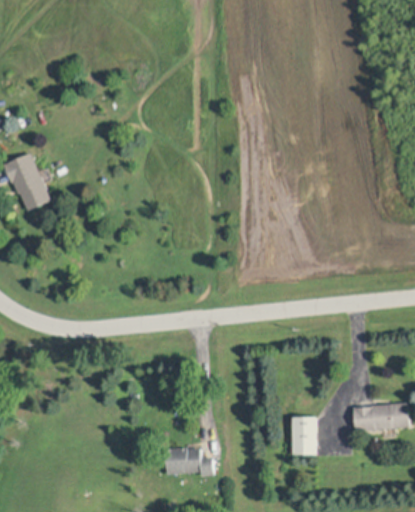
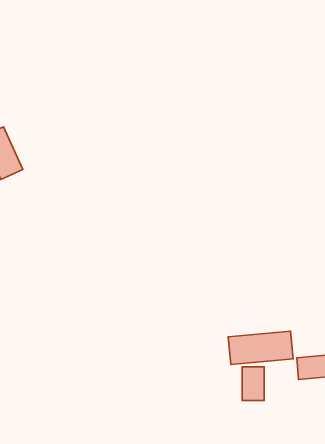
building: none -> [228,331,293,365]
building: [164,447,213,476] -> none

